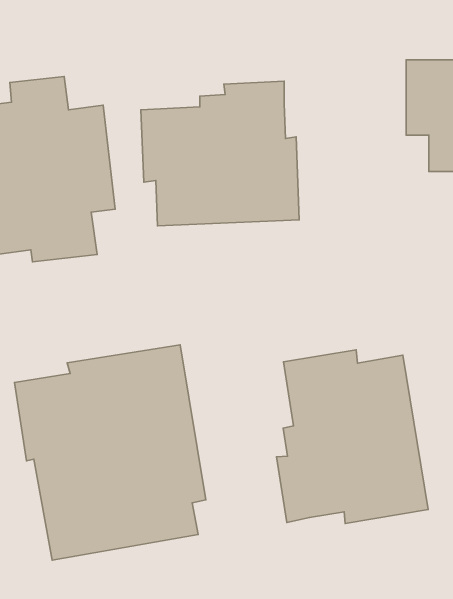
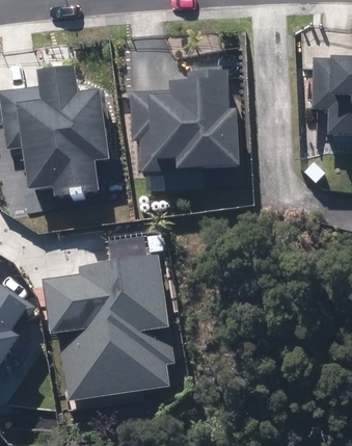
building: [277,350,428,524] -> none

